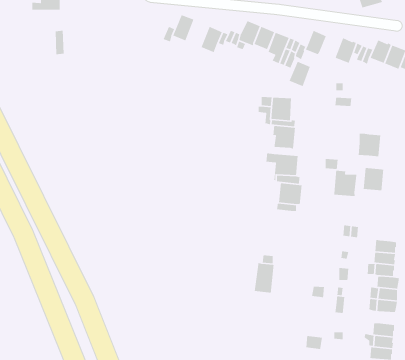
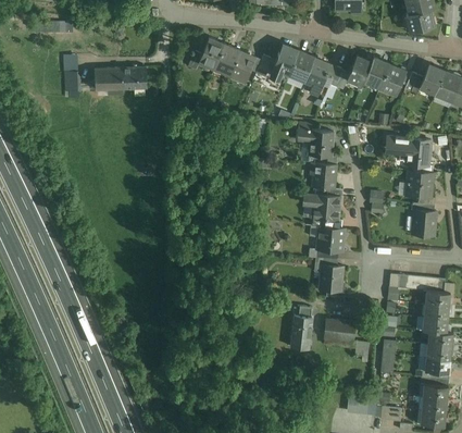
building: none -> [213,44,239,75]
building: none -> [93,66,147,90]
building: [289,60,311,87] -> [363,57,388,87]
building: none -> [405,138,429,165]
building: [333,170,357,197] -> none
building: none -> [319,264,342,292]
building: none -> [323,319,354,342]

